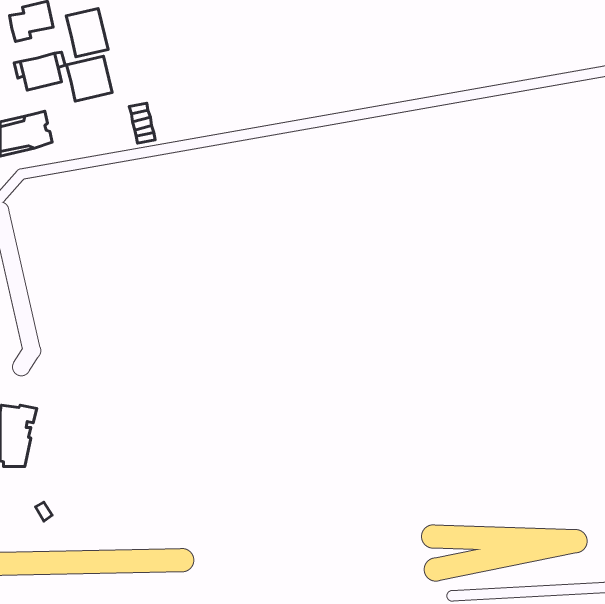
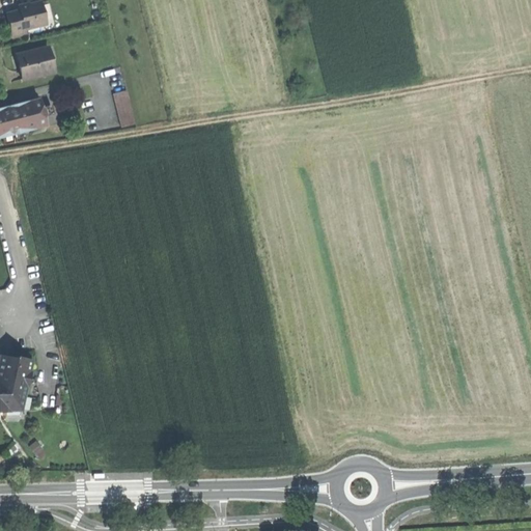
building: [66,8,108,57] -> none
building: [66,56,112,101] -> none

